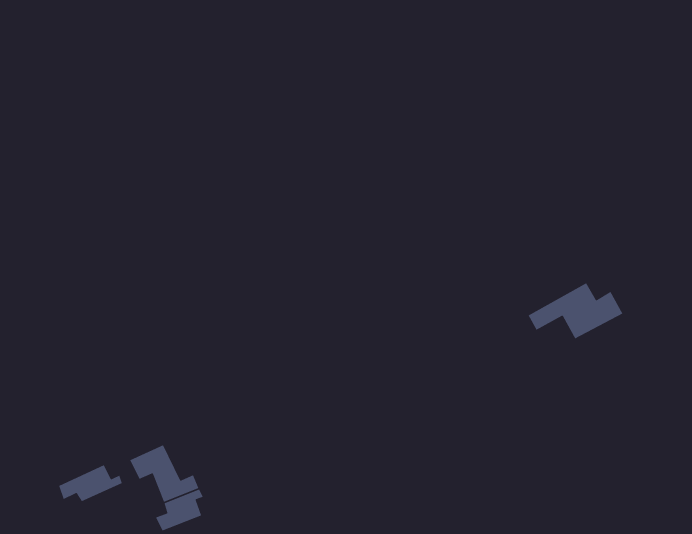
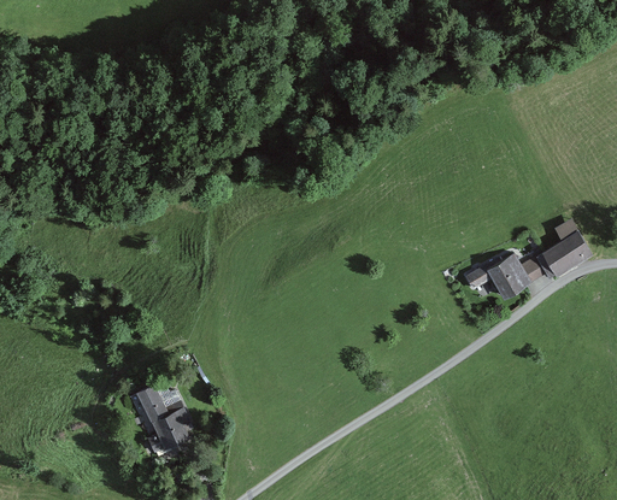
building: none -> [537,218,593,280]
building: [58,464,123,502] -> none

